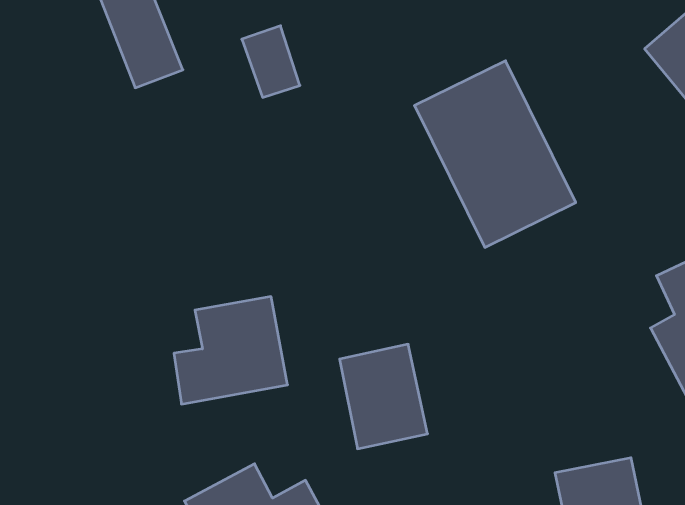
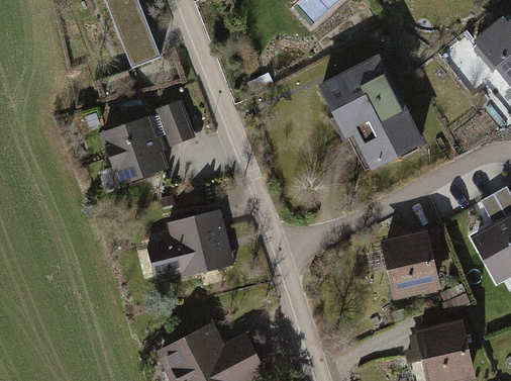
building: [242,26,300,97] -> [157,96,196,145]
building: none -> [106,115,162,179]
building: [340,344,428,449] -> [380,227,439,298]

